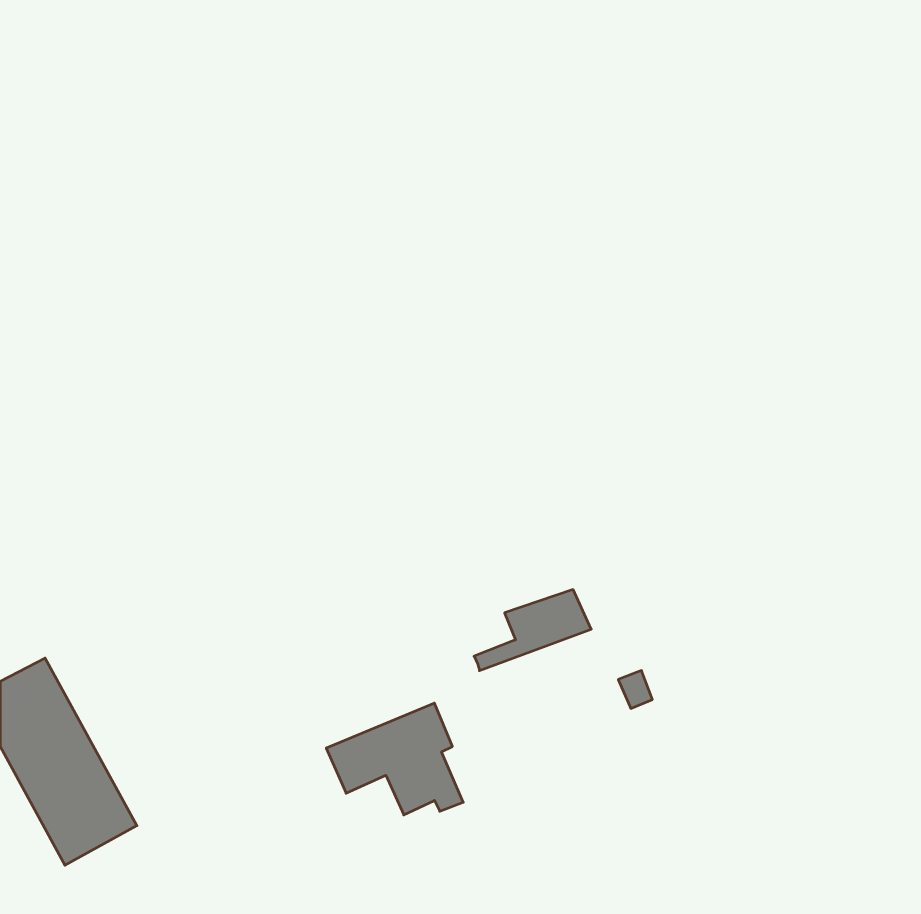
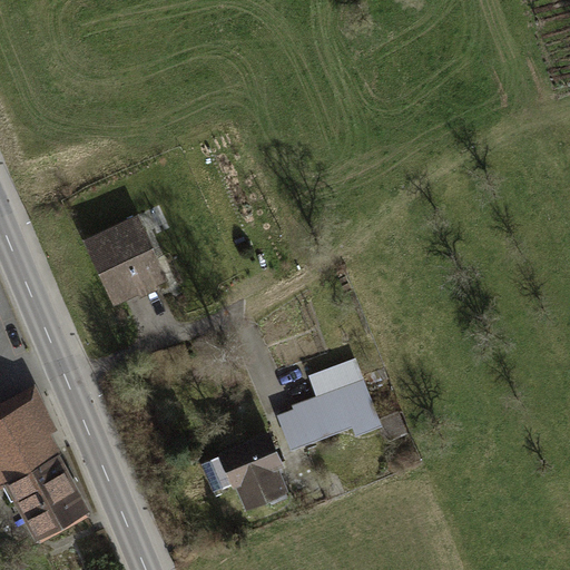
building: none -> [90,226,156,297]
building: none -> [281,393,377,449]

